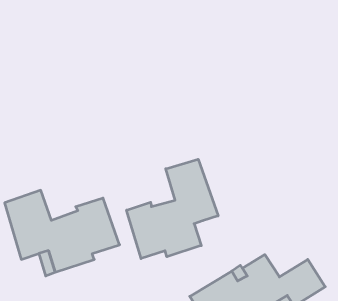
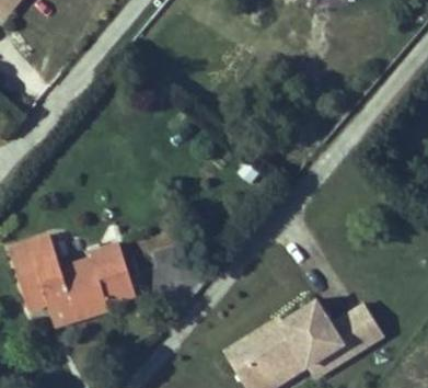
building: [127,159,218,259] -> none

